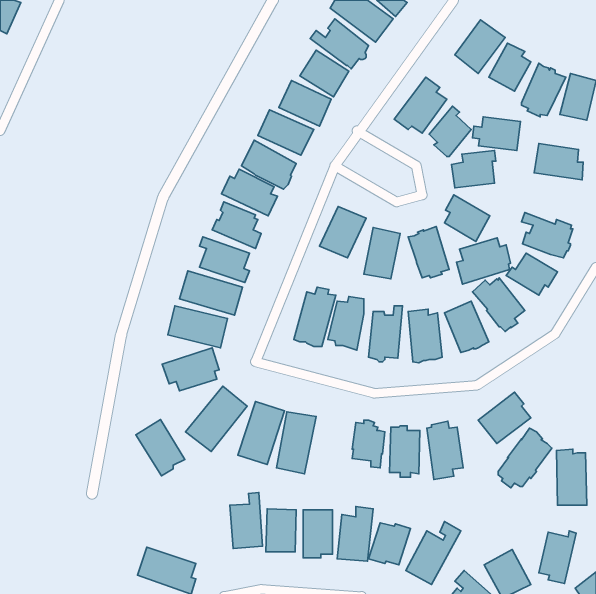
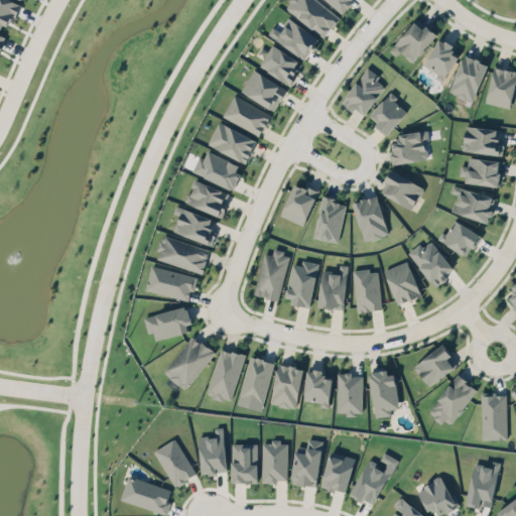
building: [473,117,520,151] -> [460,158,501,187]
building: [457,238,511,284] -> none
building: none -> [271,361,303,408]
building: [136,420,185,476] -> [152,437,195,486]

